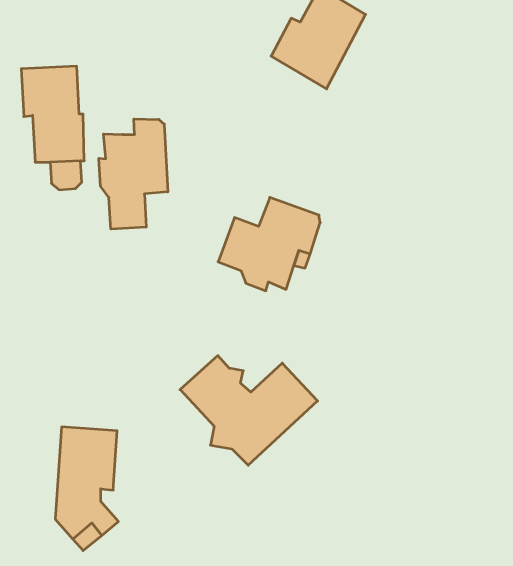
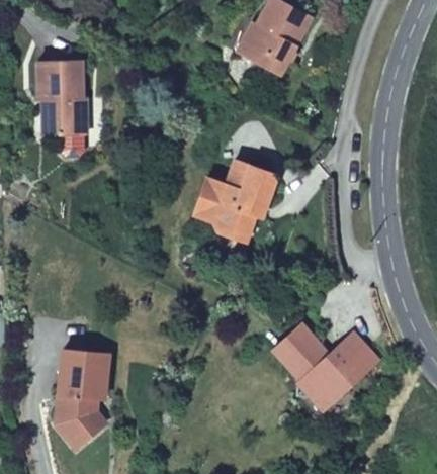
building: [99,119,168,229] -> none
building: [180,356,318,465] -> [270,321,380,409]

